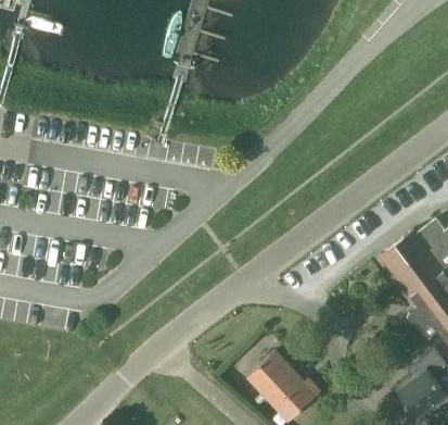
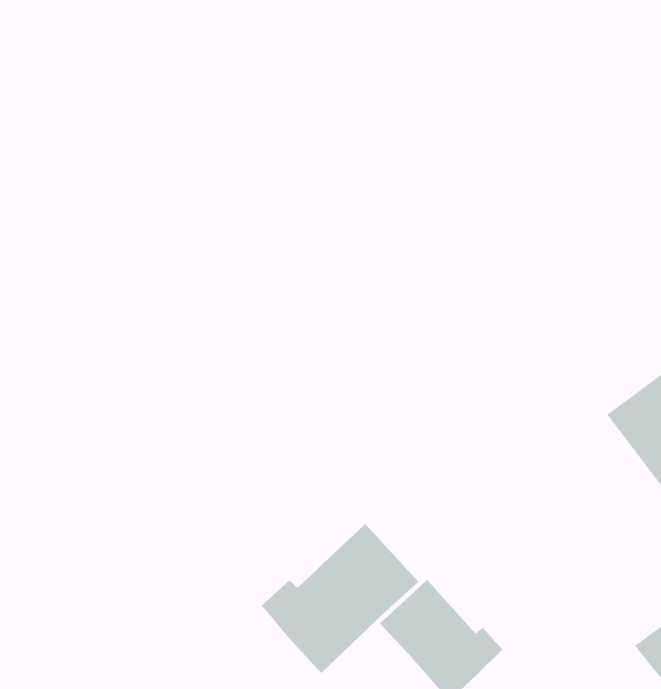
building: none -> [261,523,419,674]

